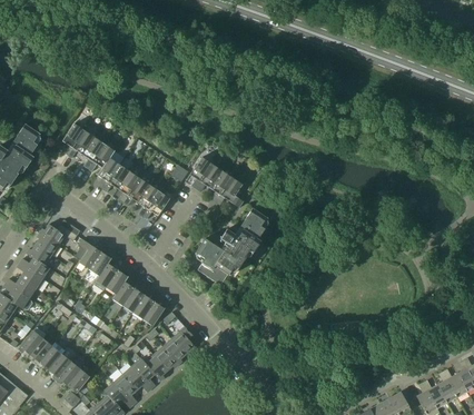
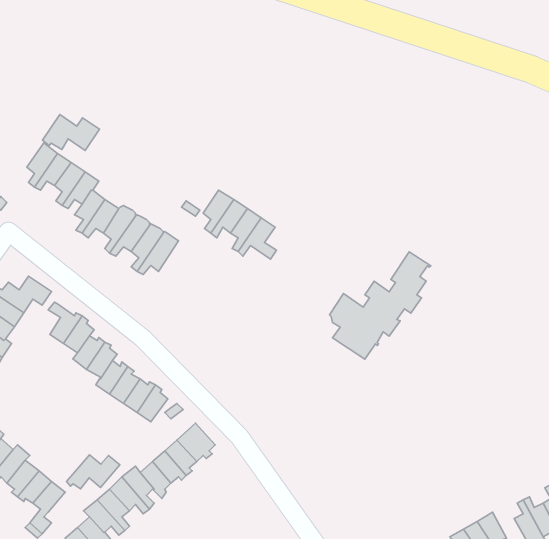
building: none -> [43,115,100,150]
building: [195,208,268,286] -> [330,252,431,359]
building: none -> [67,455,120,489]

